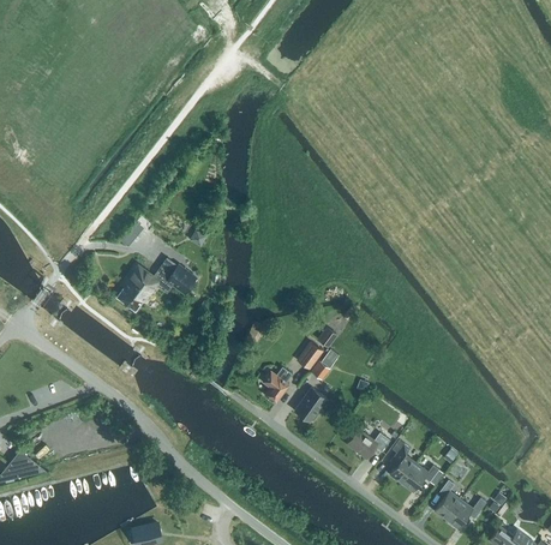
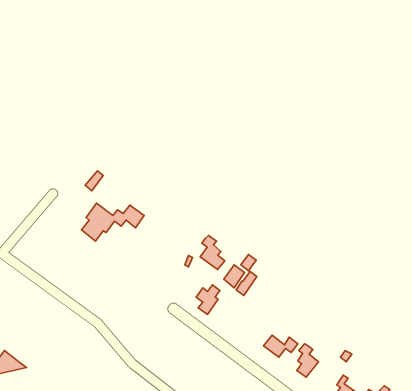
building: none -> [200,236,225,270]
building: [293,385,328,421] -> none
building: [401,462,443,491] -> none

